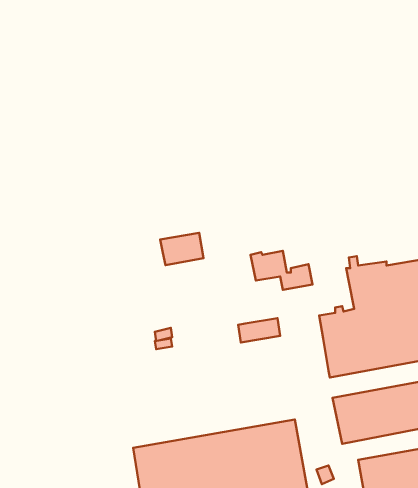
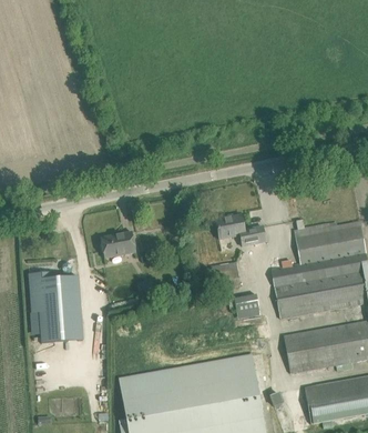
building: [160,233,203,265] -> [100,231,135,258]
building: none -> [28,271,82,342]
building: none -> [234,293,259,319]

